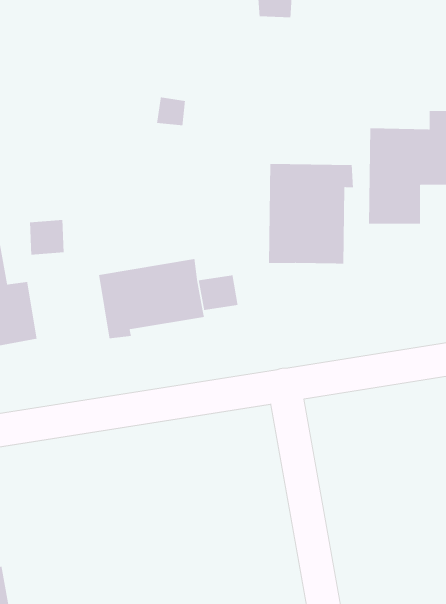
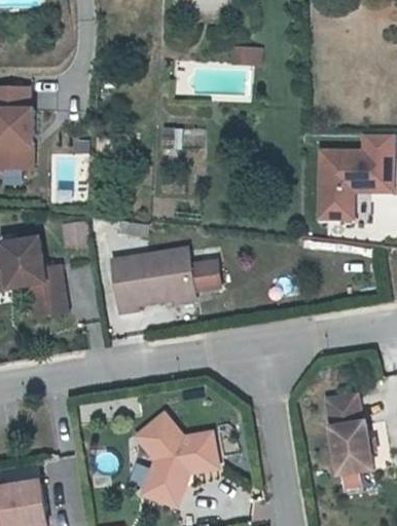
building: [268,163,354,265] -> none
building: none -> [326,394,371,474]
building: none -> [137,414,217,504]

